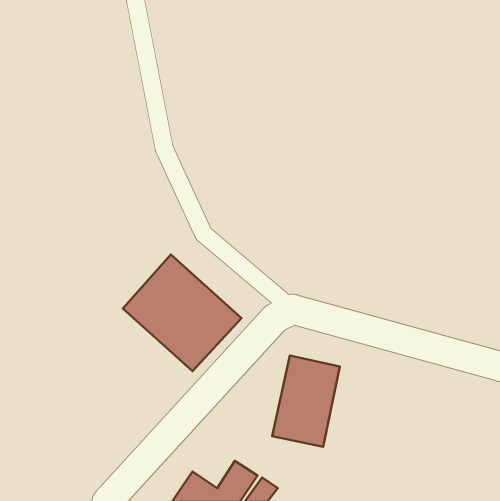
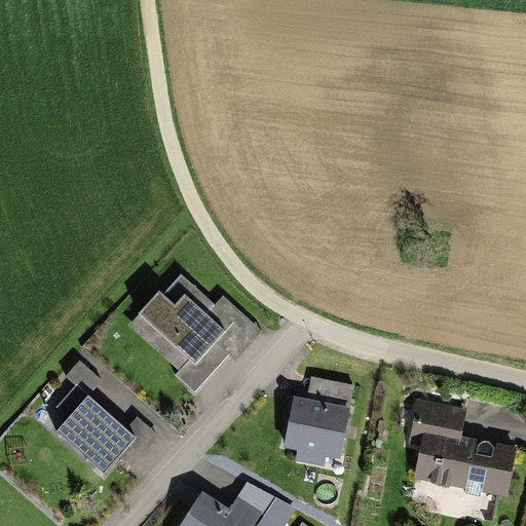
building: none -> [58,400,130,471]
building: none -> [414,403,513,491]

